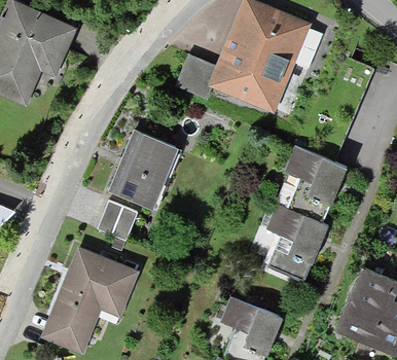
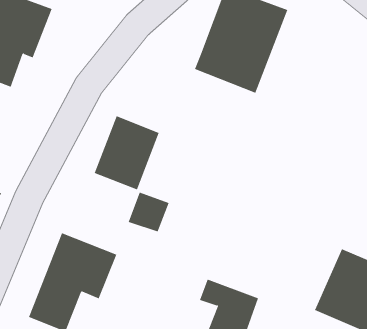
building: [179,58,218,97] -> none
building: [282,146,344,220] -> none
building: [102,200,144,241] -> [128,192,169,232]
building: [267,209,328,283] -> none

